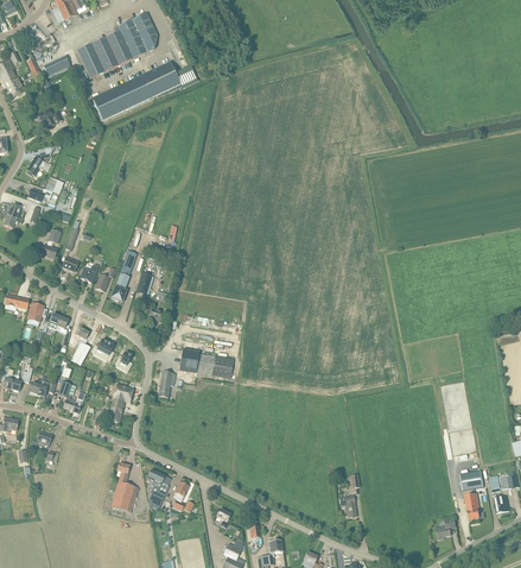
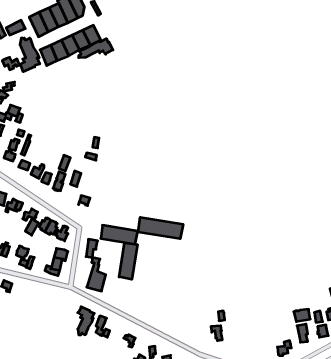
building: none -> [19,38,40,72]
building: none -> [79,39,113,58]
building: none -> [138,217,183,239]
building: none -> [119,243,137,279]
building: [110,462,138,511] -> [87,257,106,291]

